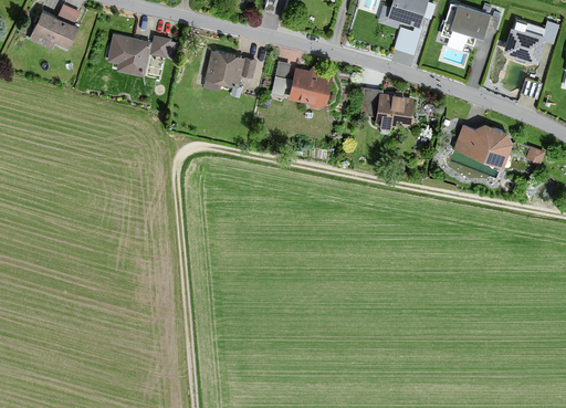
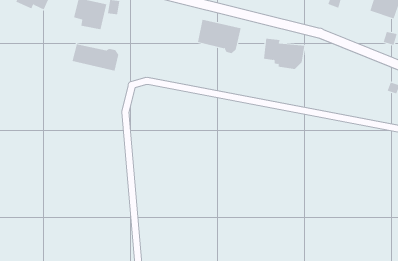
building: [205,52,255,86] -> none
building: none -> [72,43,119,71]
building: [454,124,512,166] -> none

